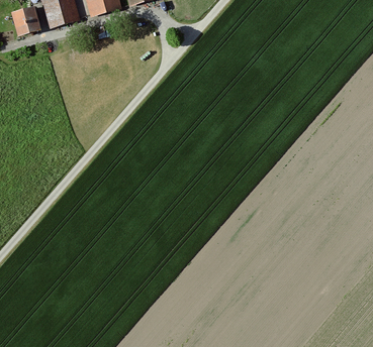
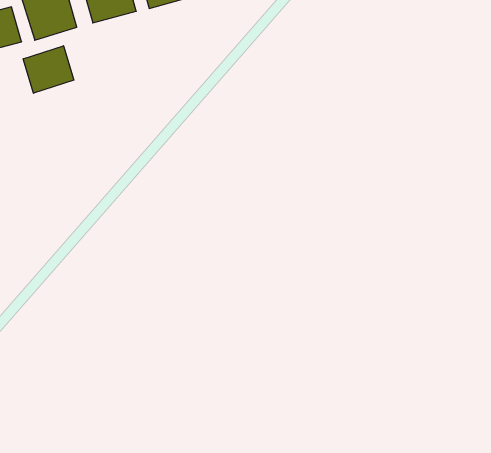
building: none -> [23,46,74,93]

